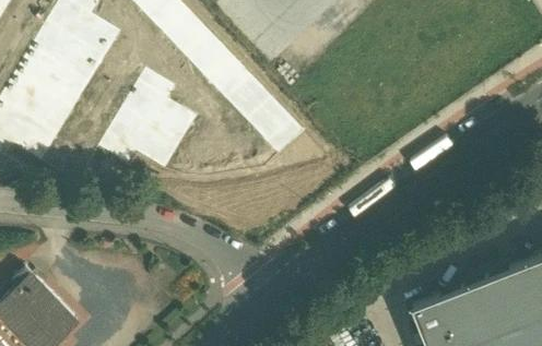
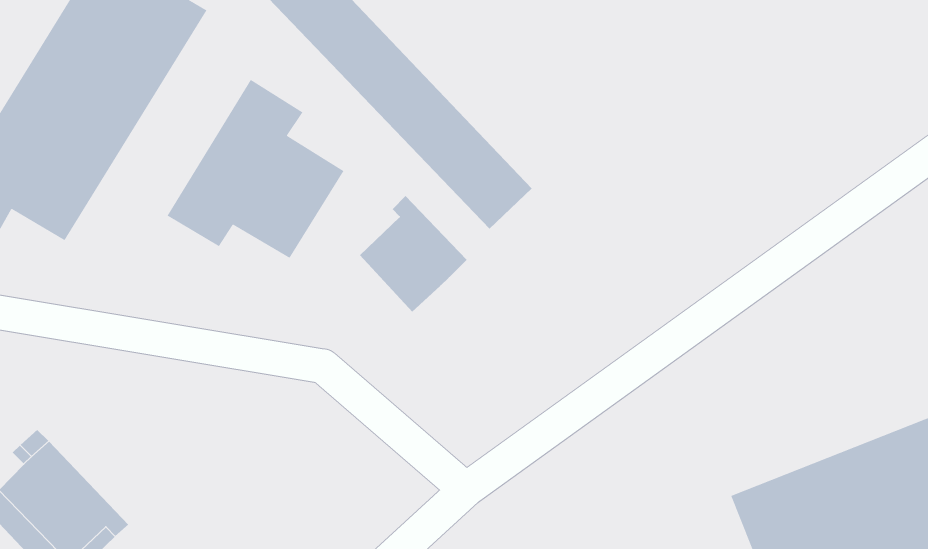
building: none -> [359,195,467,312]

